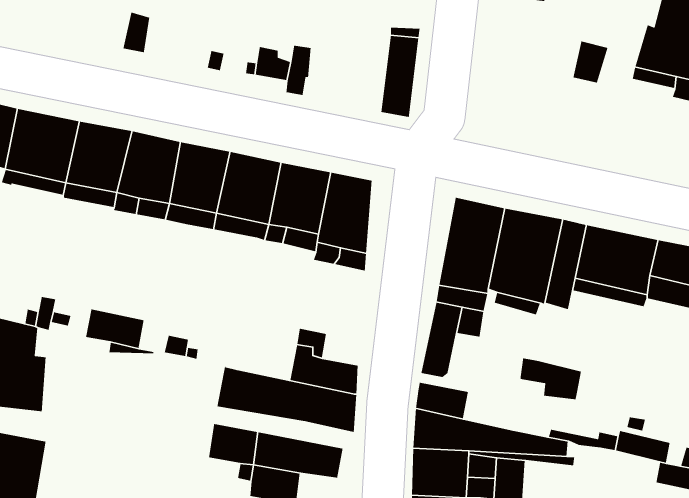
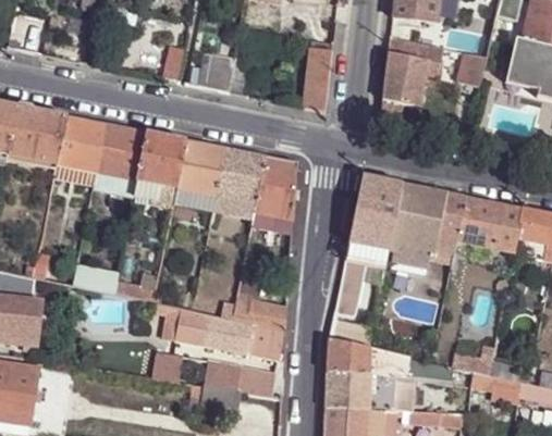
building: none -> [379,35,444,127]
building: [520,357,582,400] -> [474,372,523,406]

